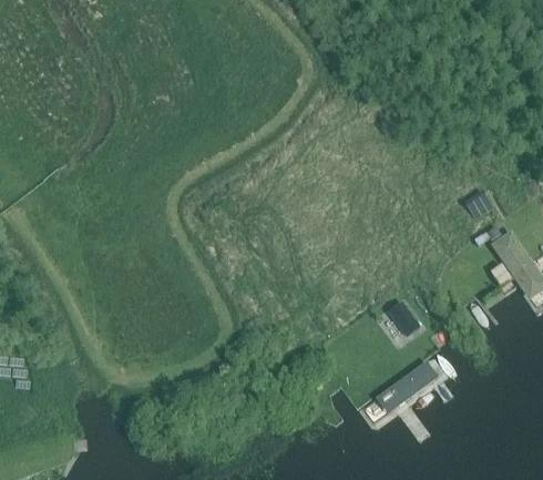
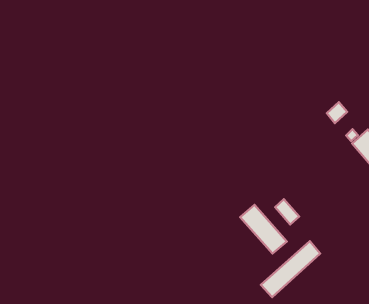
building: none -> [240,205,287,254]

